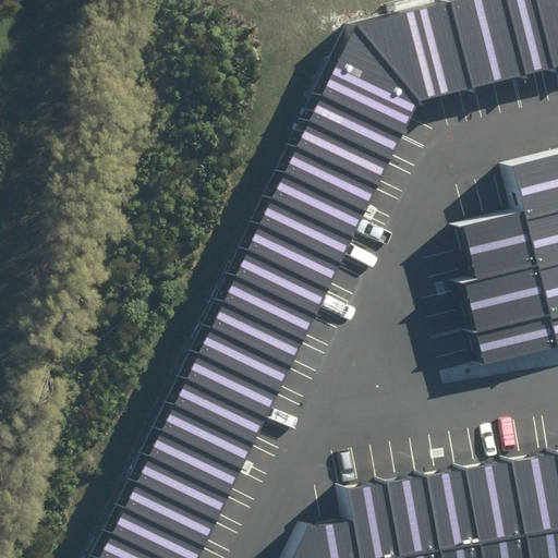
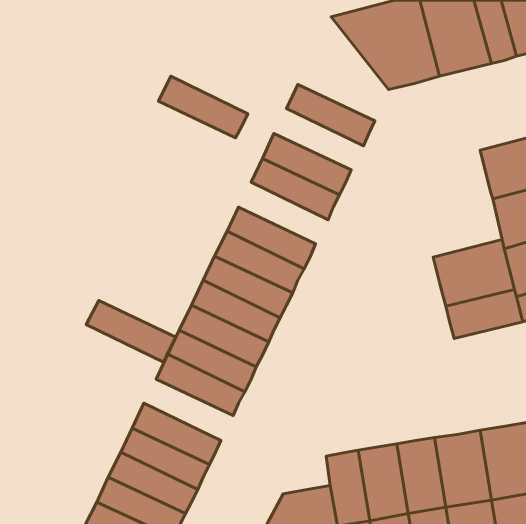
building: [318,26,413,135] -> none
building: [293,122,387,186] -> [158,76,248,138]
building: [256,199,350,264] -> none
building: [459,209,532,275] -> none
building: [157,405,251,470] -> [86,301,176,362]

